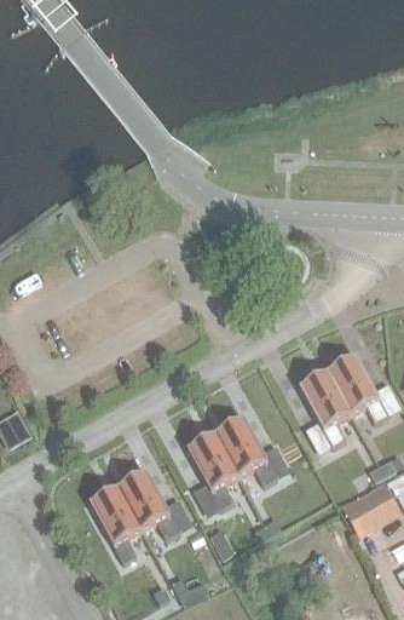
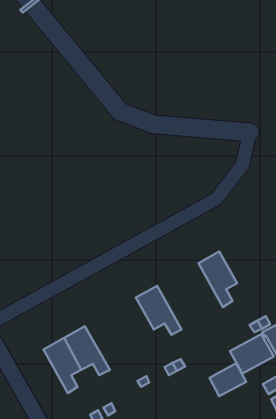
building: [325,355,387,421] -> none
building: [185,432,237,507] -> none
building: none -> [210,363,246,396]

